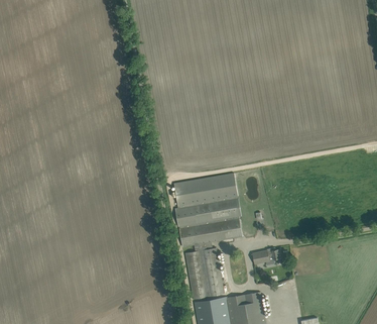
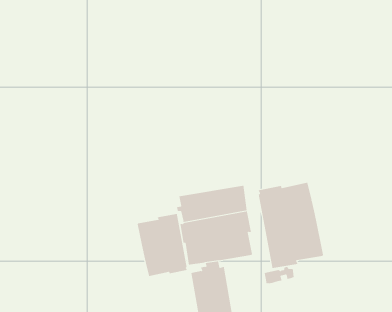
building: none -> [258,182,324,269]
building: none -> [137,213,187,277]

